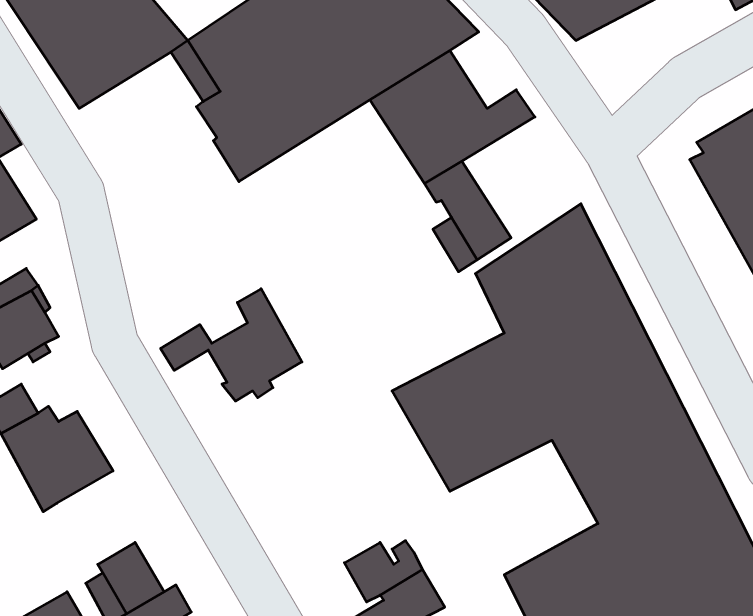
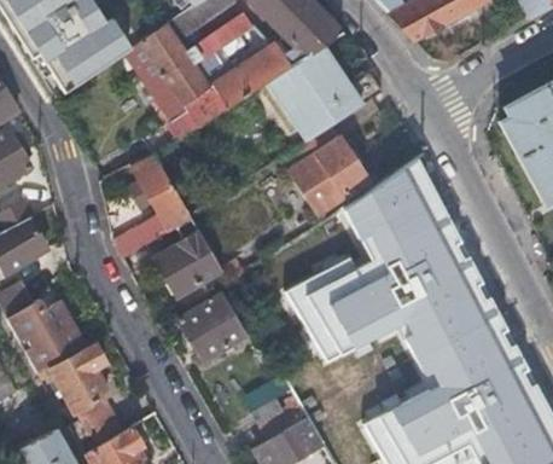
building: none -> [111,153,190,259]
building: none -> [177,292,243,359]
building: none -> [36,344,107,413]

